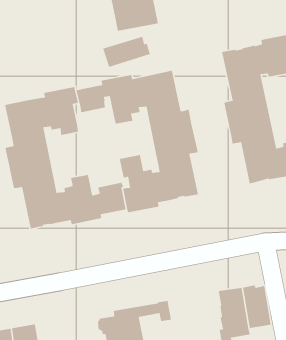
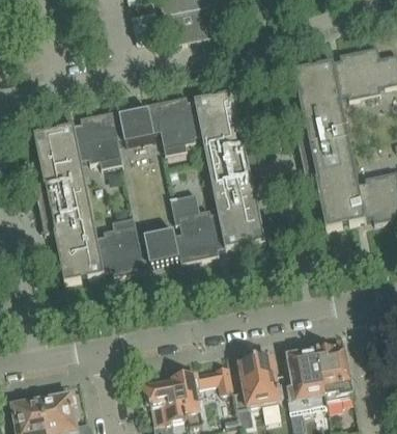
building: [102,36,151,68] -> none
building: none -> [234,357,283,408]

